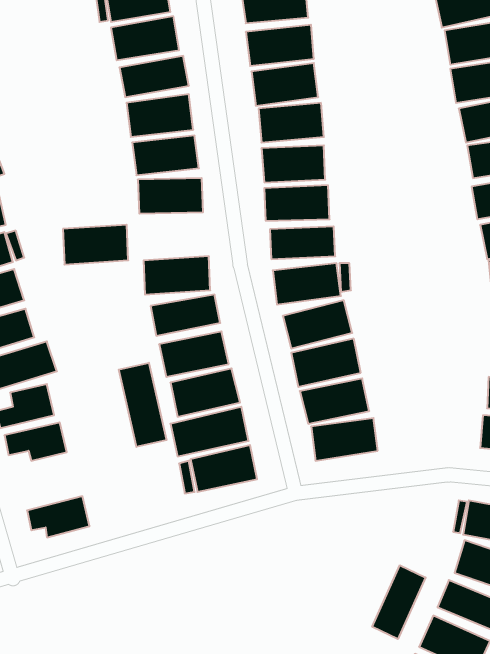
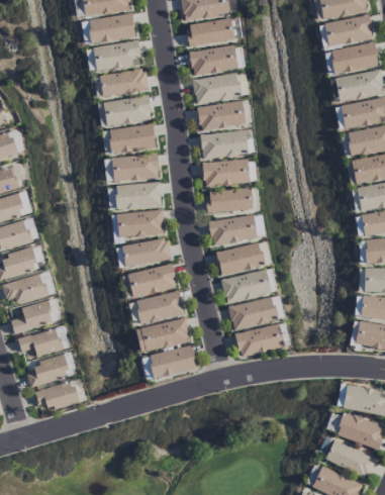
building: [63,225,128,265] -> [115,182,162,210]
building: [119,363,167,447] -> none
building: none -> [27,356,69,385]
building: [372,565,426,639] -> none

